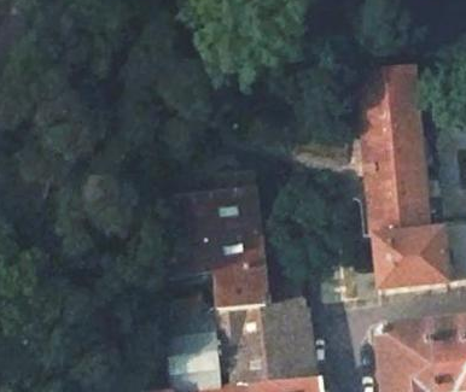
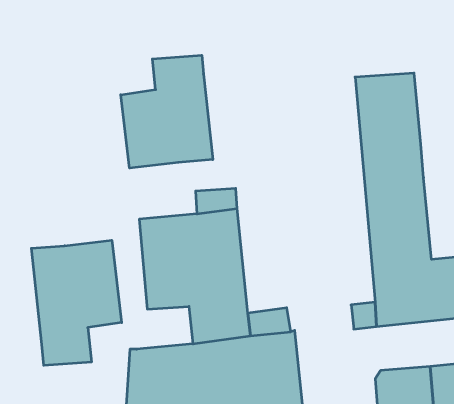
building: none -> [121,55,213,168]
building: none -> [31,240,122,365]

